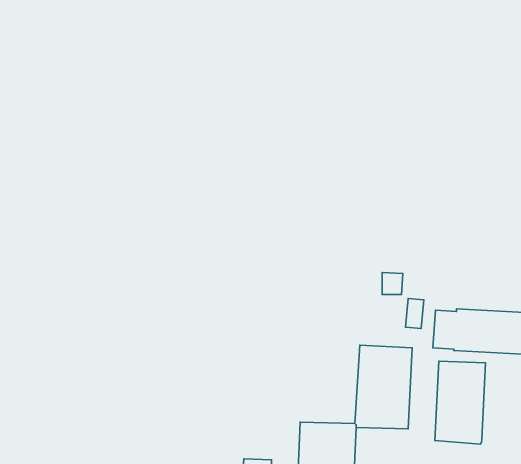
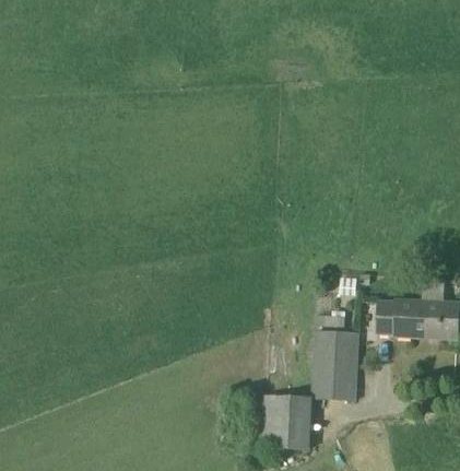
building: [435,361,485,444] -> none

